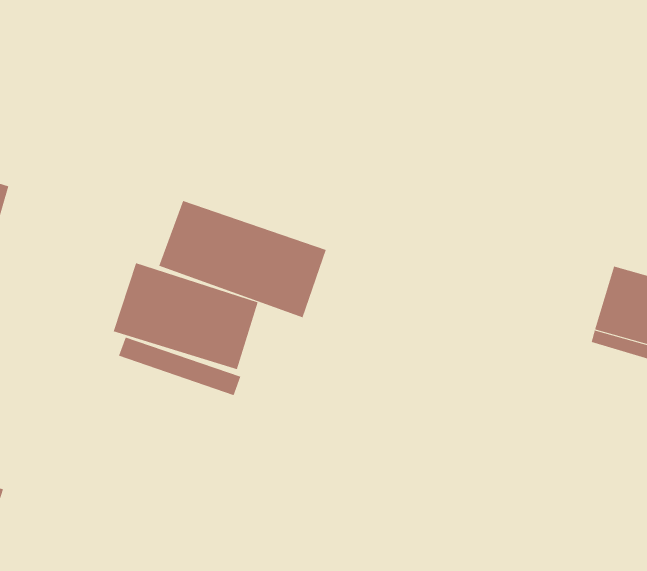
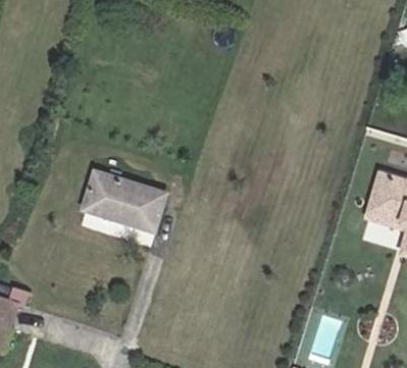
building: [159,200,326,318] -> none

